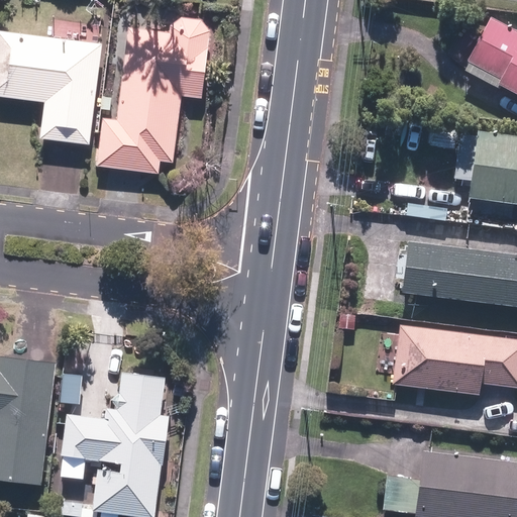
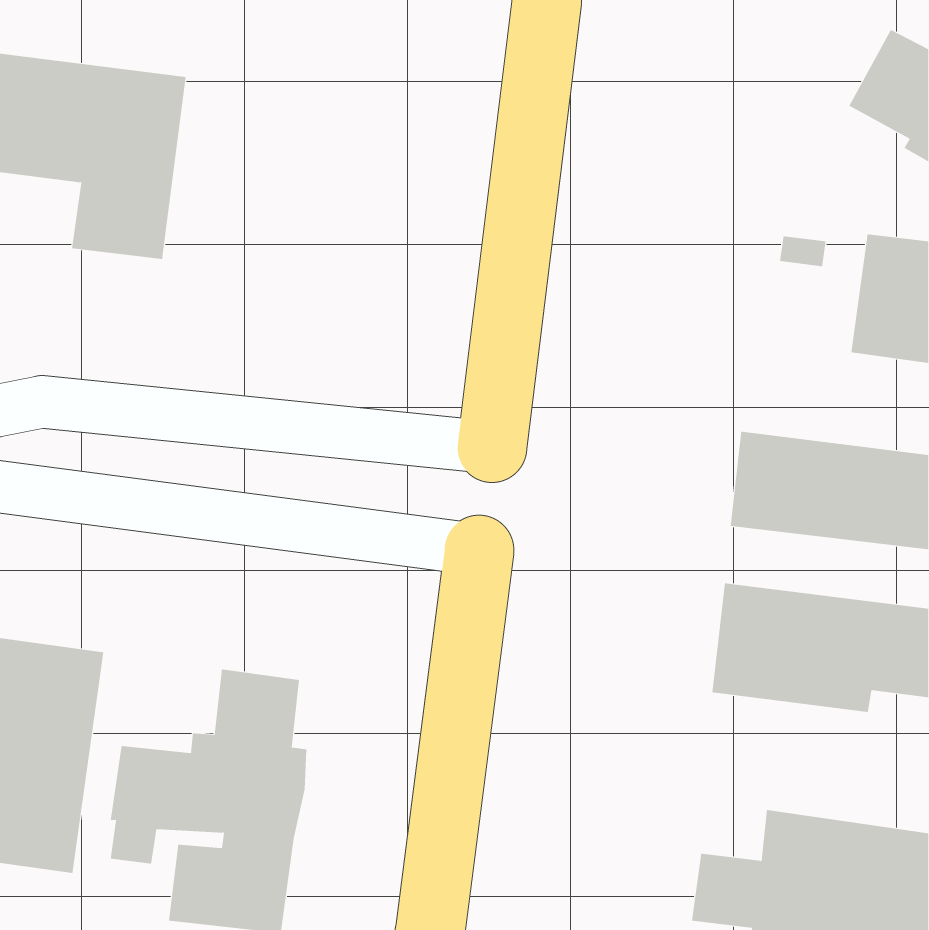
building: [96,17,211,176] -> none

